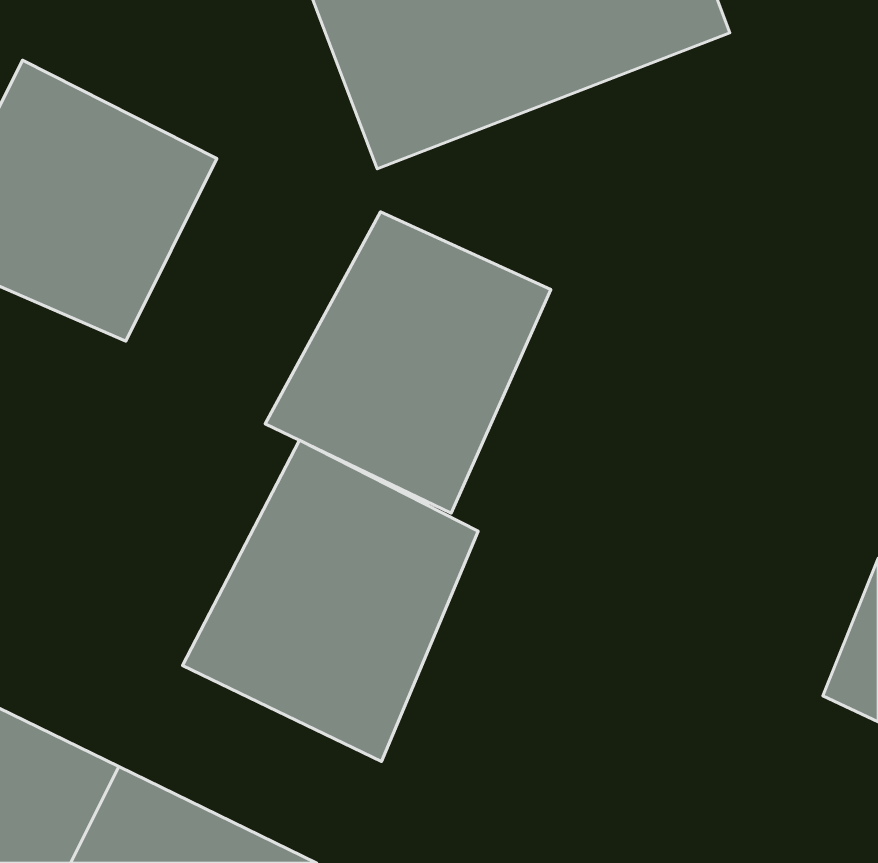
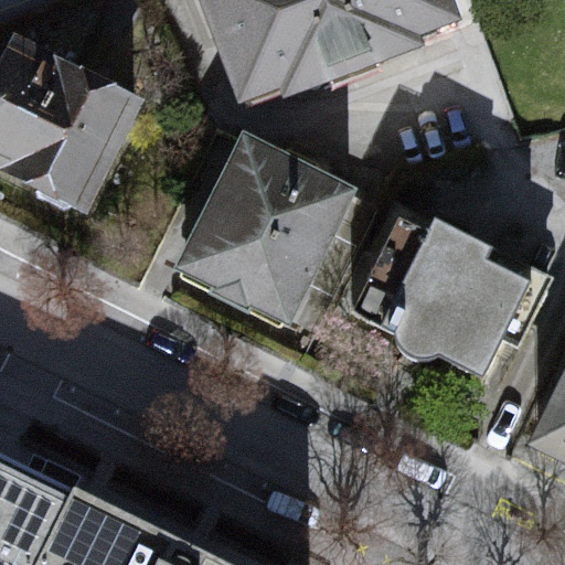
building: none -> [388,217,551,381]
building: [182,440,478,761] -> none

